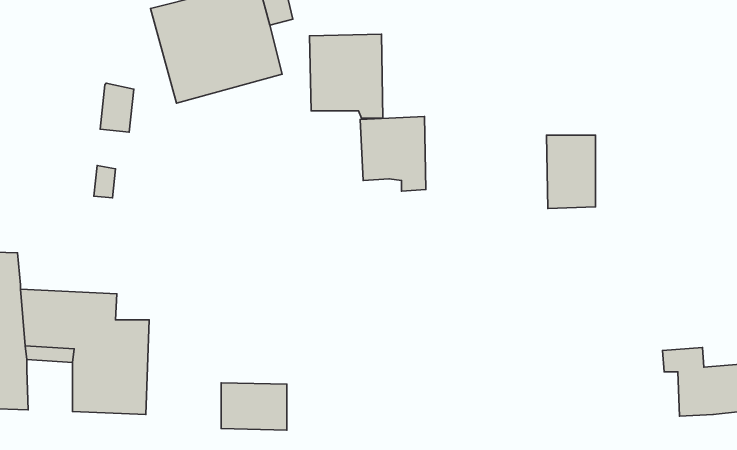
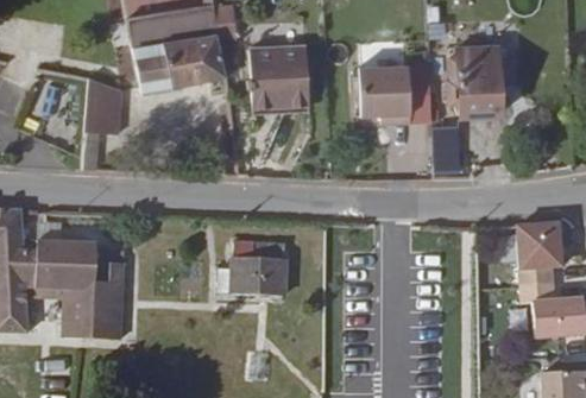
building: none -> [446,50,508,116]
building: [360,116,426,191] -> [360,64,411,122]
building: none -> [519,222,563,288]
building: [221,383,287,430] -> [235,255,286,292]

